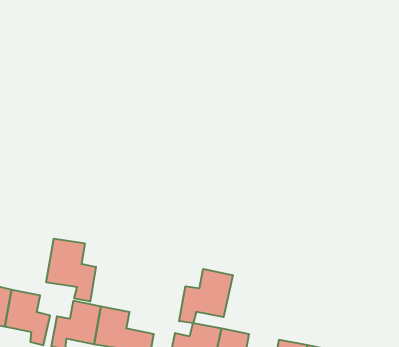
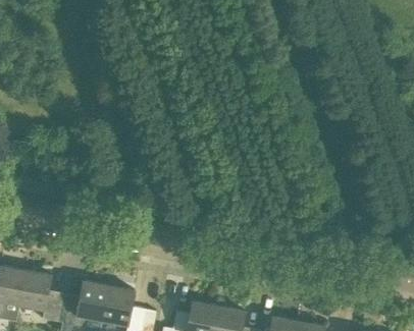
building: [46,239,96,302] -> none
building: [179,269,233,323] -> none

